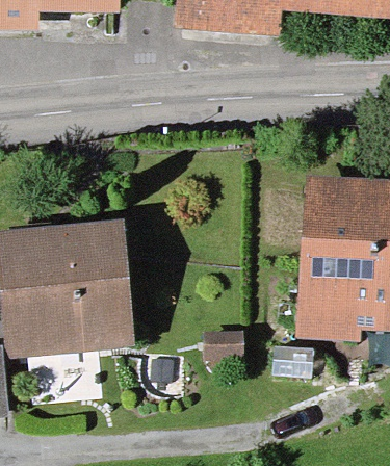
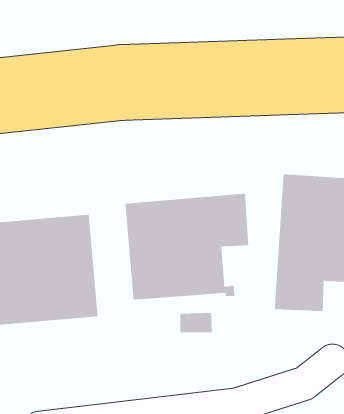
building: none -> [125,193,249,301]

